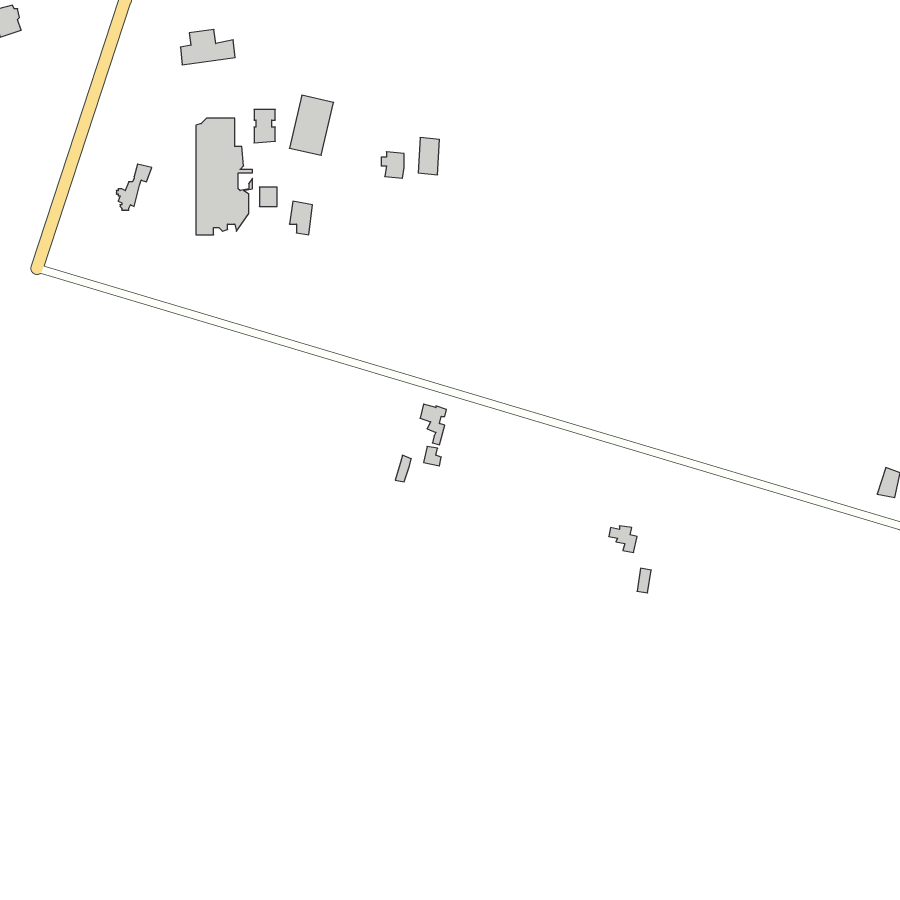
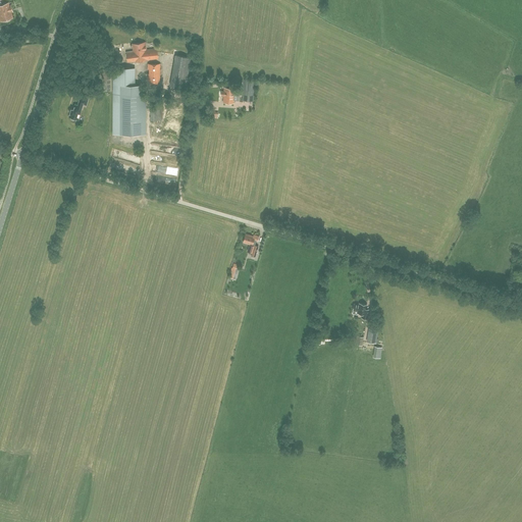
building: [180,29,235,65] -> [125,43,157,63]

